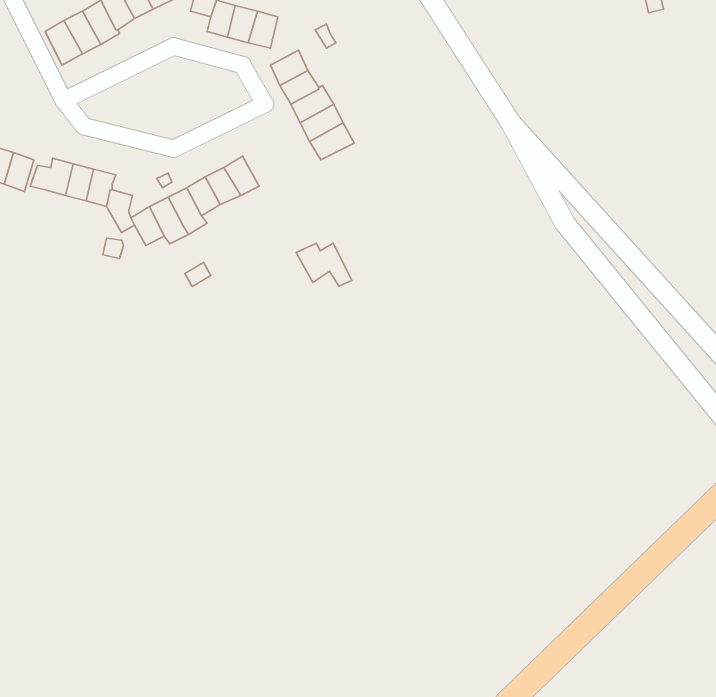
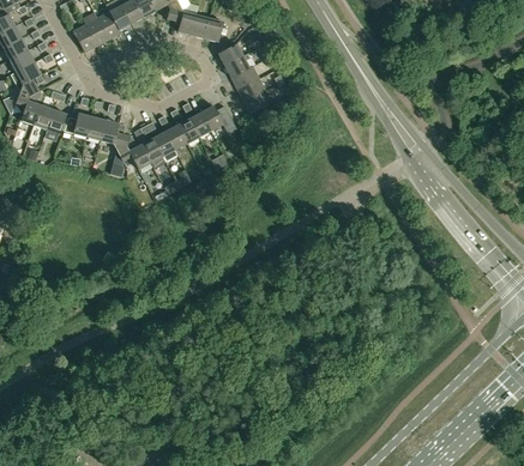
building: [296,243,352,286] -> [200,104,236,132]

